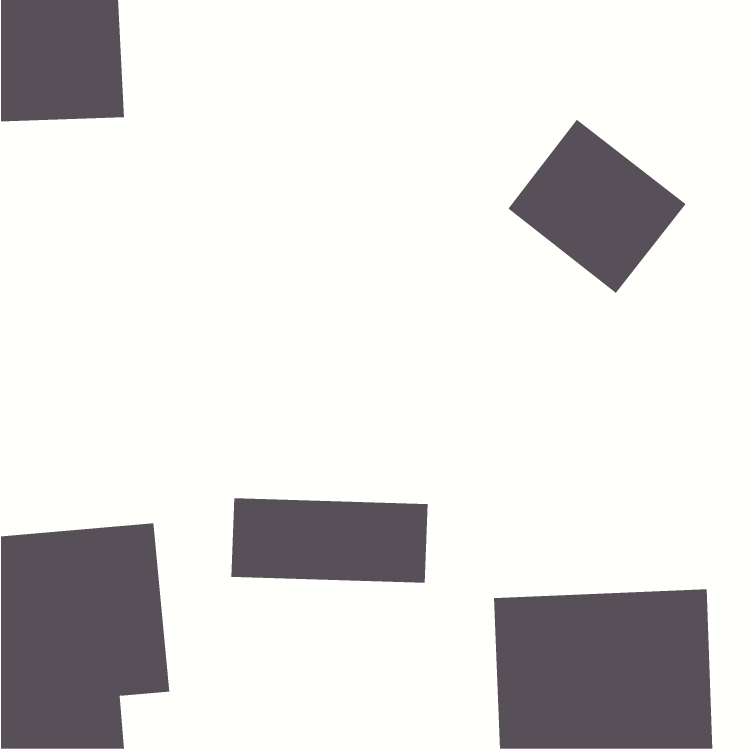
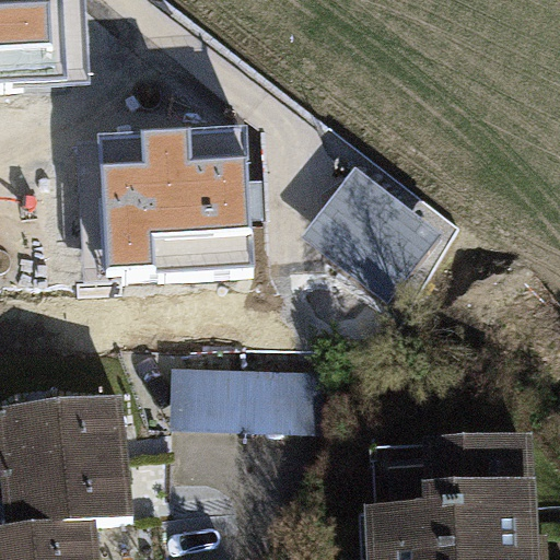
building: [507,119,686,294] -> [304,167,438,298]
building: none -> [102,143,252,287]

